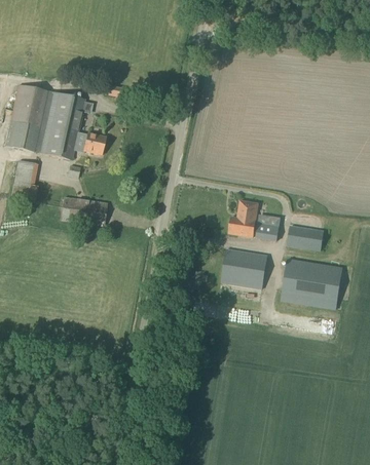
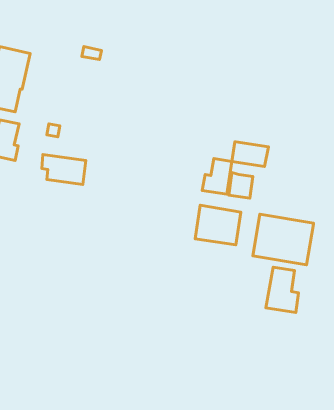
building: [36,90,105,159] -> none
building: [286,225,324,250] -> [232,142,269,167]
building: none -> [266,267,299,313]

